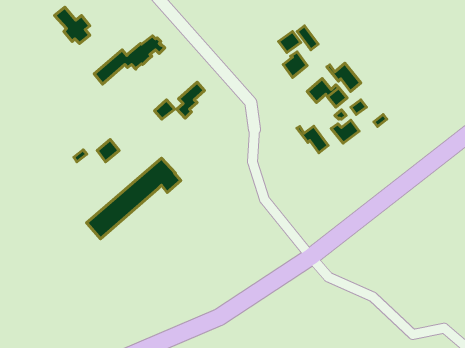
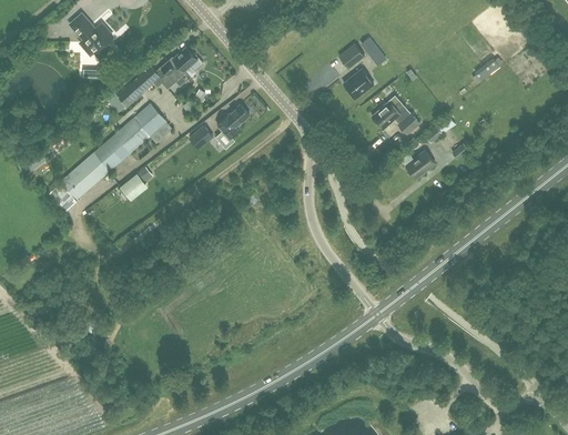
building: [327,63,361,91] -> none
building: [297,126,328,153] -> none
building: [87,158,181,239] -> [60,102,173,199]

